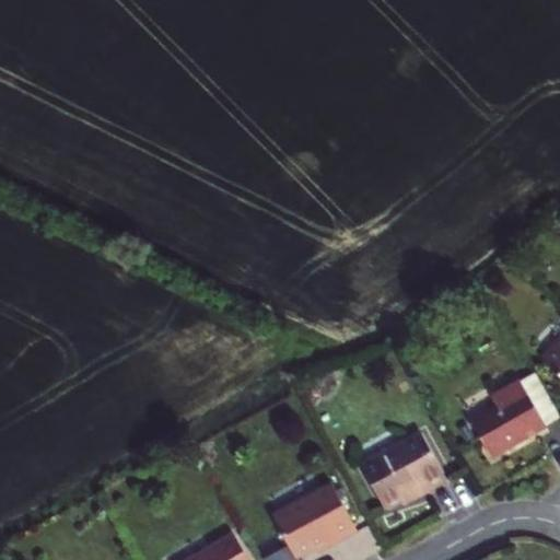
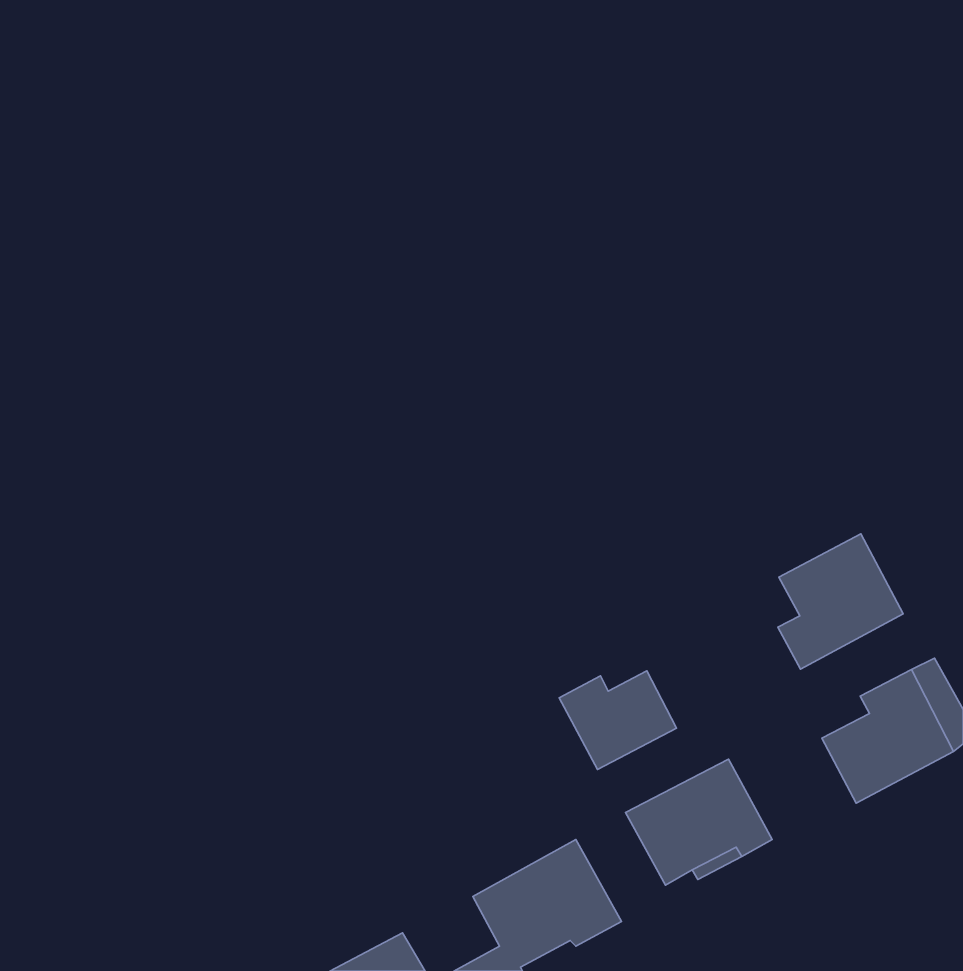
building: none -> [778,534,903,669]
building: none -> [559,671,677,769]

